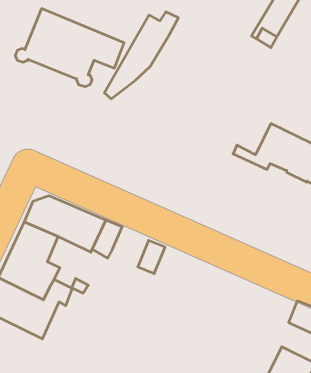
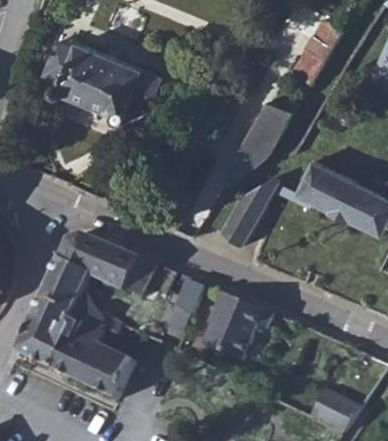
building: [104,12,178,99] -> [222,97,298,186]
building: none -> [218,176,280,246]
building: none -> [202,294,274,363]
building: none -> [77,344,136,401]

